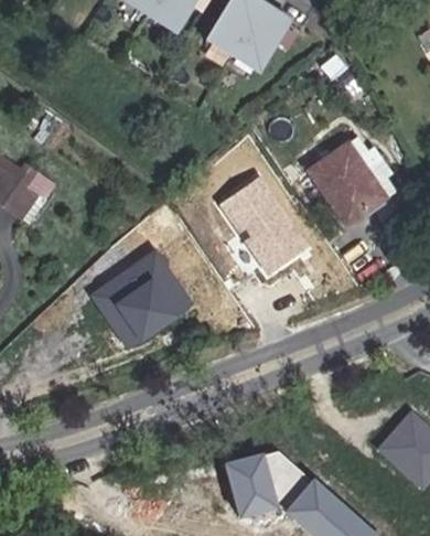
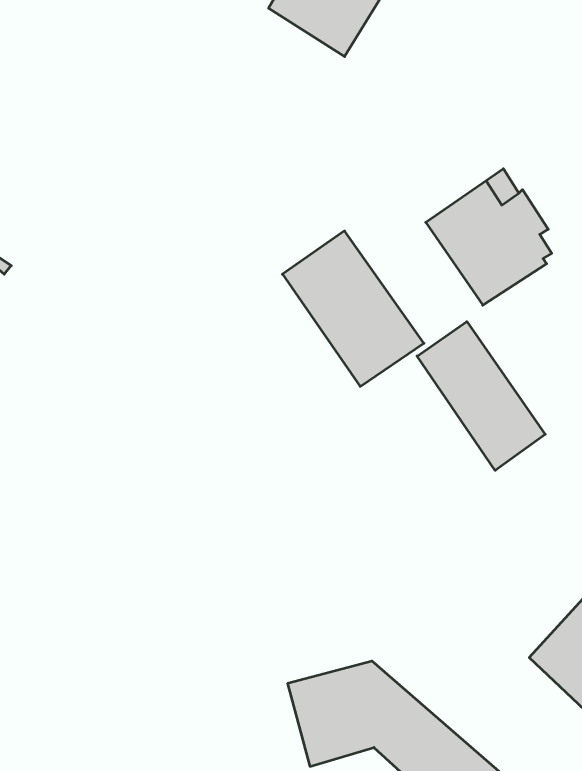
building: none -> [417,322,545,470]
building: [92,250,192,349] -> none

